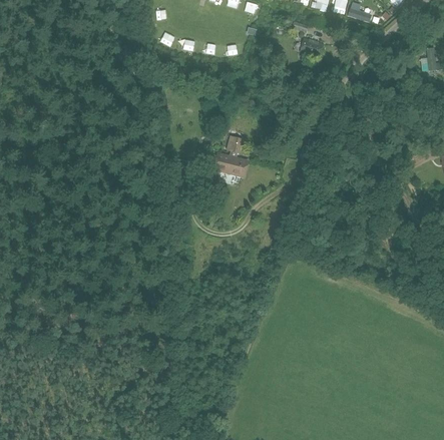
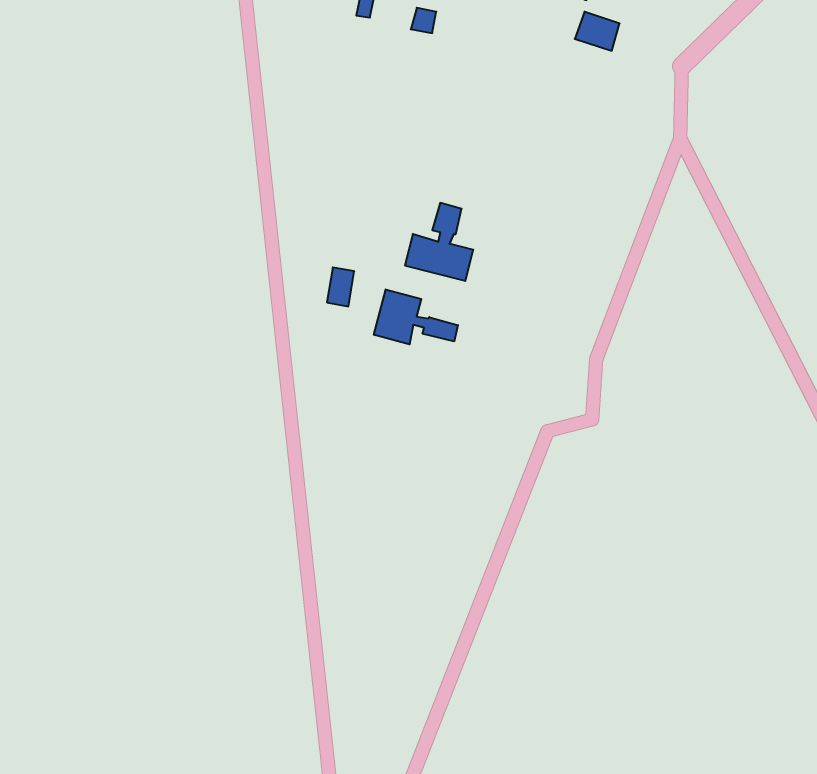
building: none -> [374,289,458,344]

